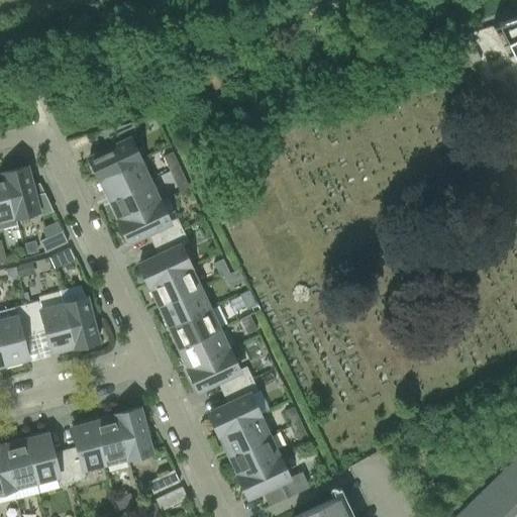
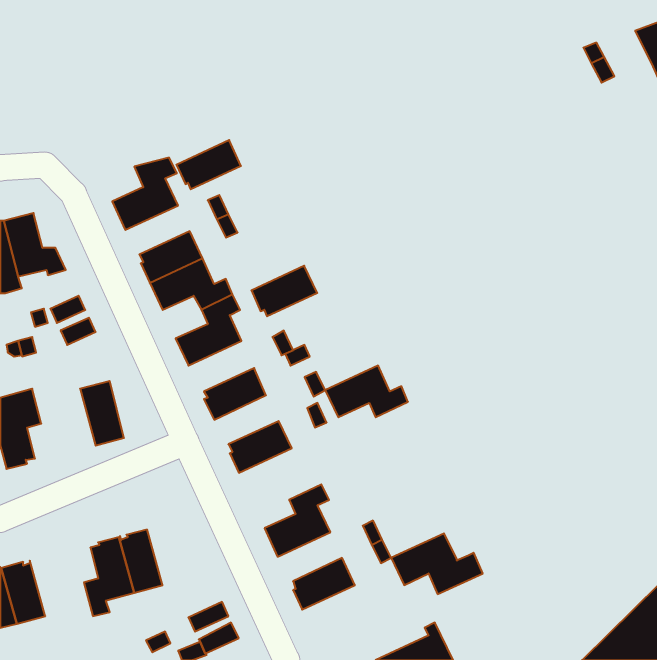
building: [100,161,150,199] -> [176,140,241,189]
building: [149,267,201,306] -> [251,266,317,316]
building: [27,301,77,352] -> none
building: [170,309,220,347] -> none
building: [189,350,253,391] -> [325,366,408,417]
building: [117,408,152,457] -> none
building: [219,416,270,454] -> none
building: [25,433,75,486] -> none
building: [238,457,310,505] -> [391,533,483,594]

